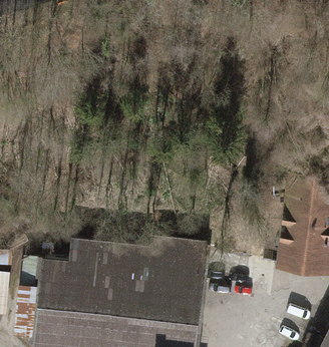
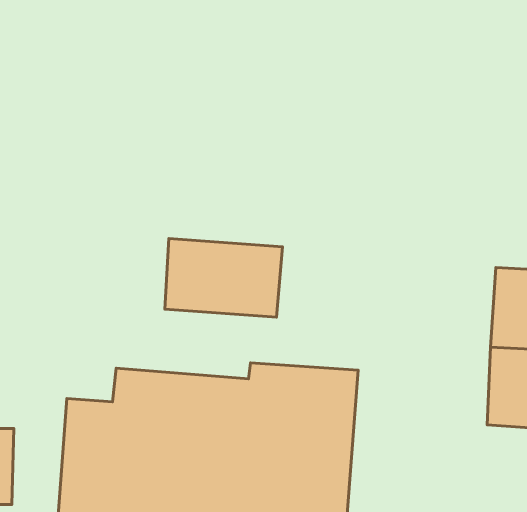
building: none -> [165,238,283,317]

